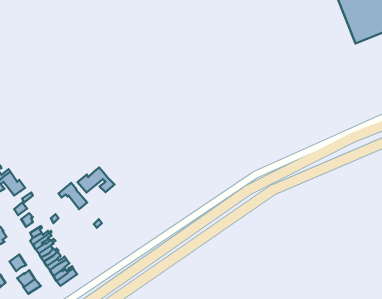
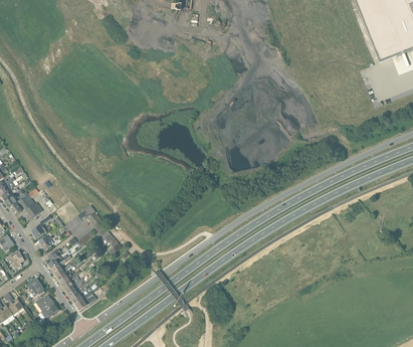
building: [78,168,114,192] -> none

